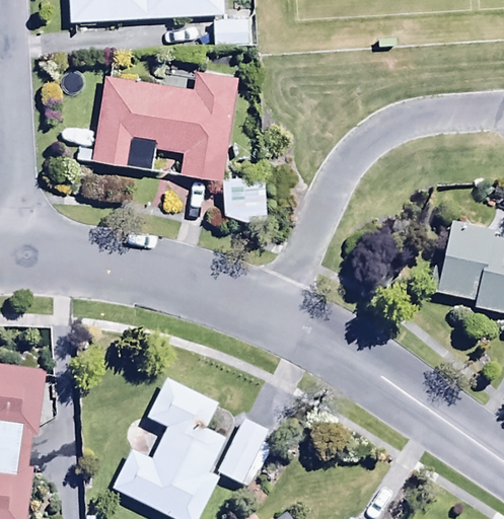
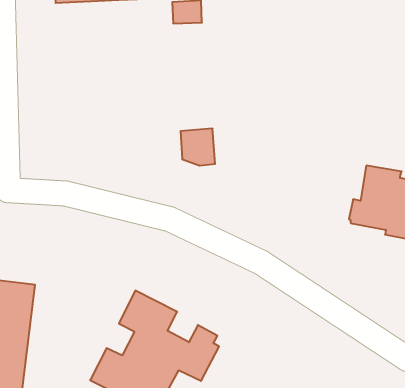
building: [92,71,236,180] -> none

